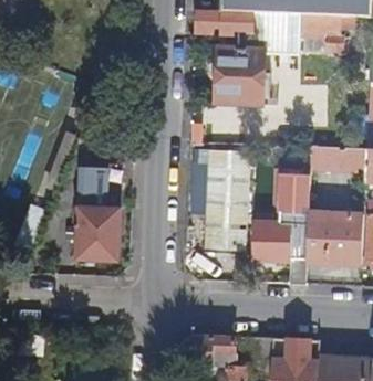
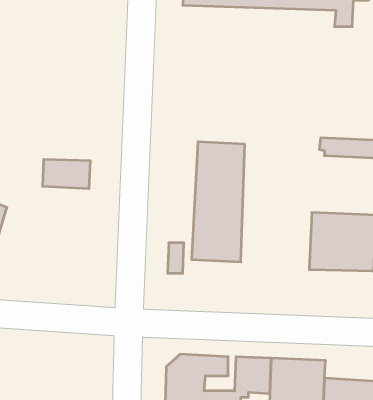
building: [219,49,267,104] -> none
building: [257,156,312,285] -> none
building: [80,208,121,261] -> none

